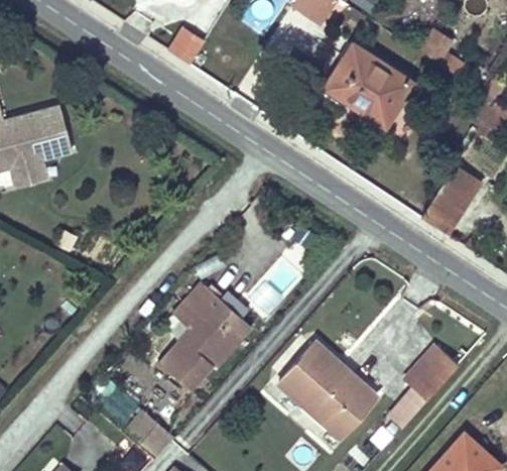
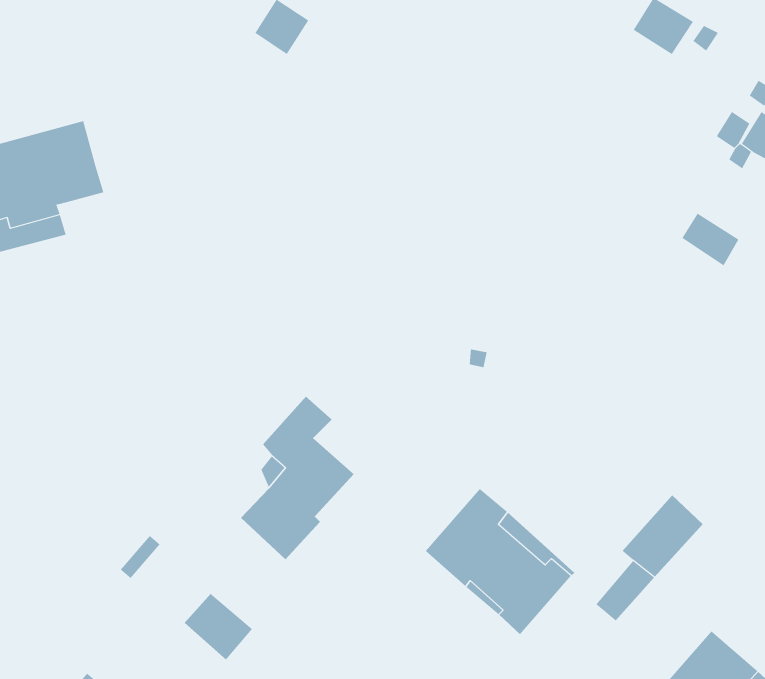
building: [327,44,412,122] -> none
building: [419,180,471,236] -> none
building: [207,298,251,367] -> none

